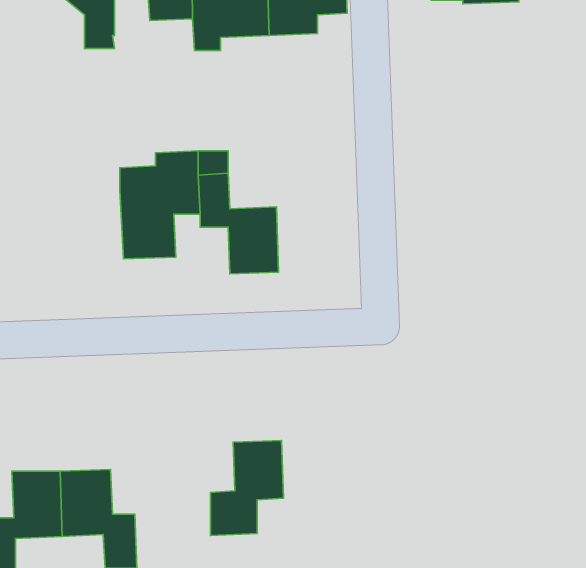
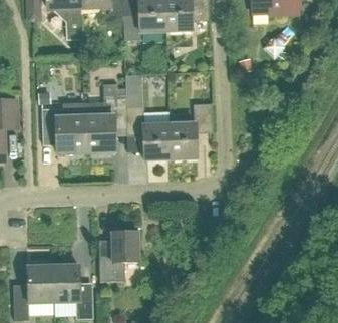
building: none -> [168,104,211,158]
building: none -> [42,106,86,152]
building: [211,440,283,535] -> [99,231,138,282]

